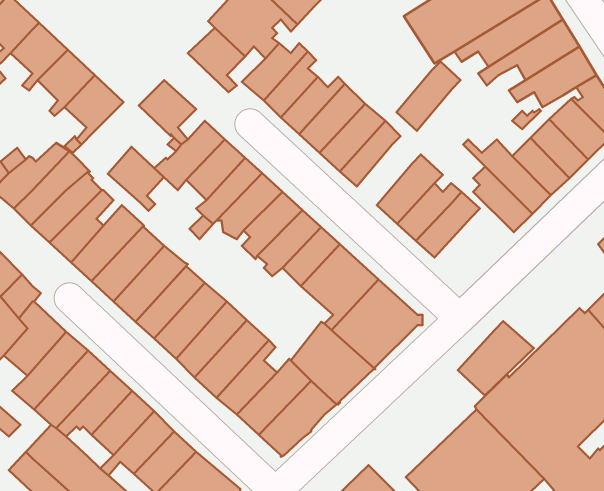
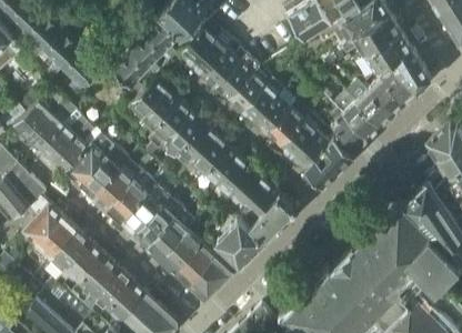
building: [396,62,461,131] -> [253,90,295,135]
building: [108,147,164,211] -> [127,36,163,78]
building: [458,321,534,396] -> [304,138,354,186]

